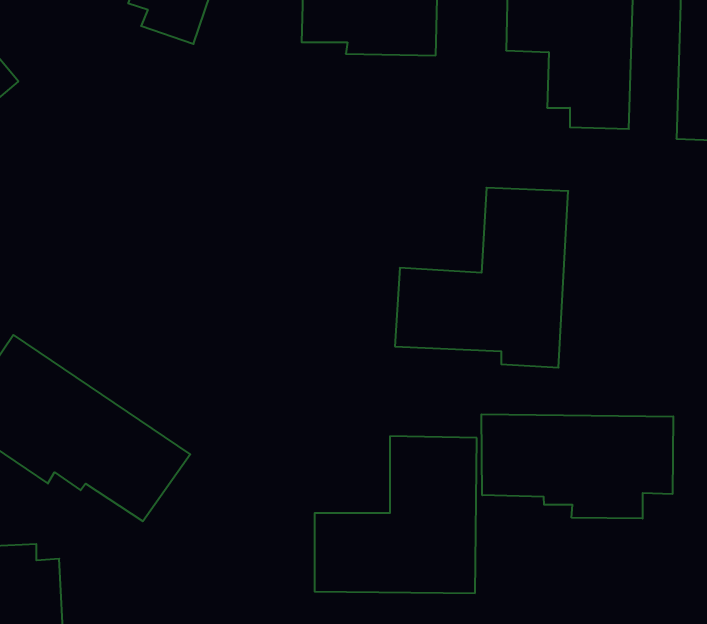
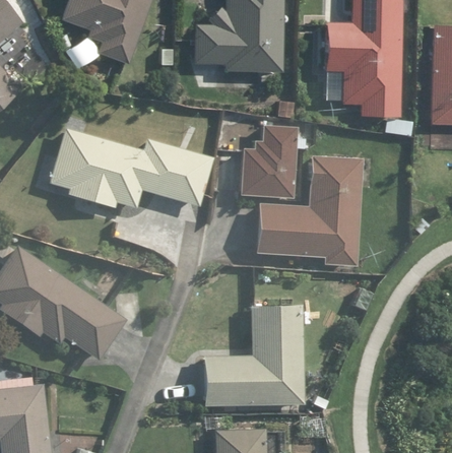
building: none -> [46,124,216,210]
building: none -> [241,128,295,198]
building: [481,414,673,519] -> none

